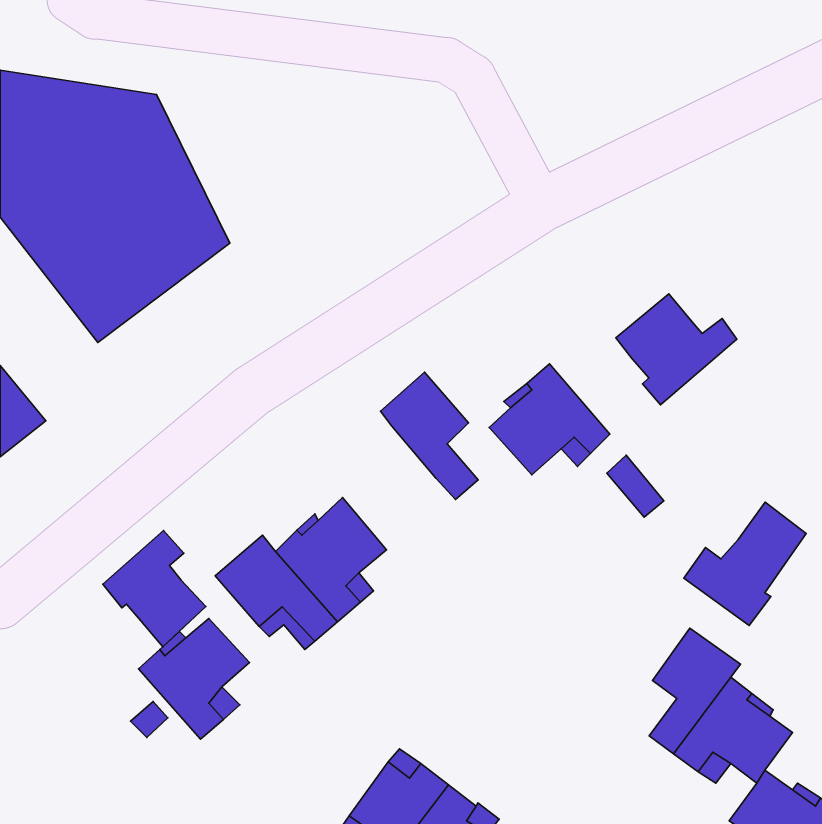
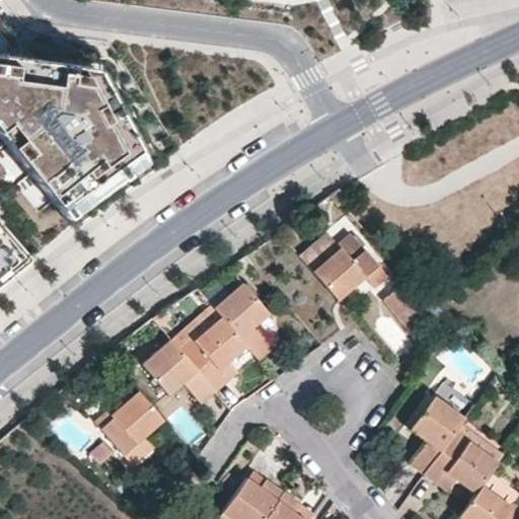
building: [616,294,737,405] -> none
building: [380,372,478,499] -> [213,282,274,361]
building: [684,502,806,625] -> none
building: [103,531,206,647] -> none

